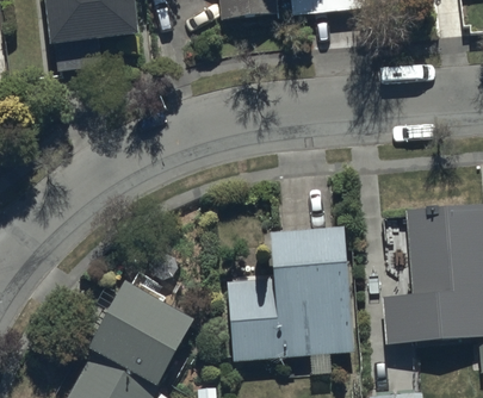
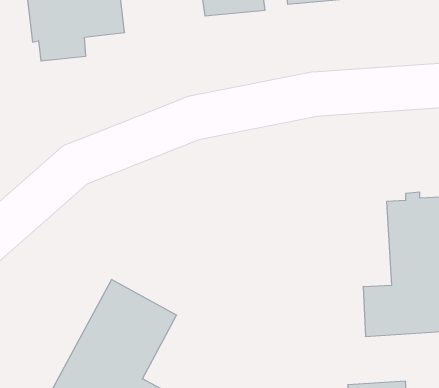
building: [225,229,352,360] -> none

